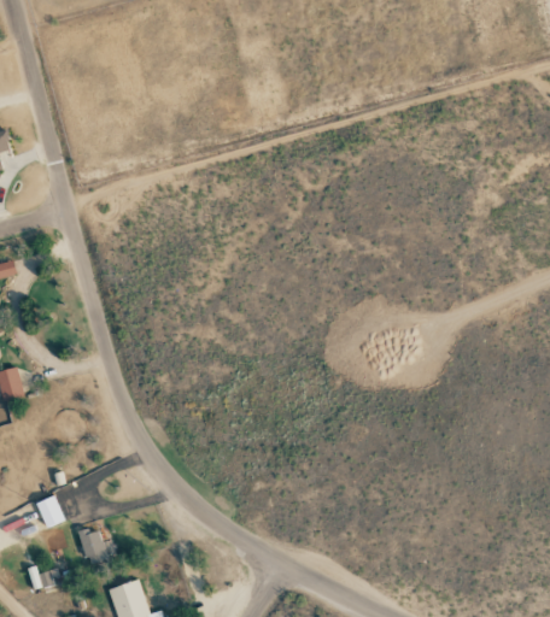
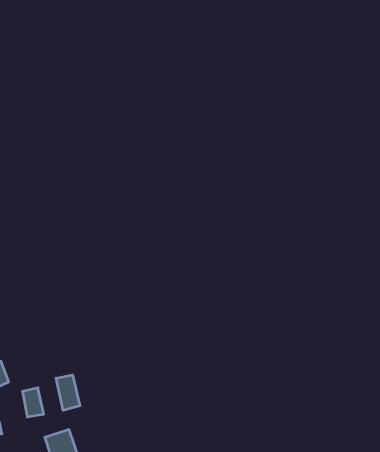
building: none -> [56,375,80,410]

